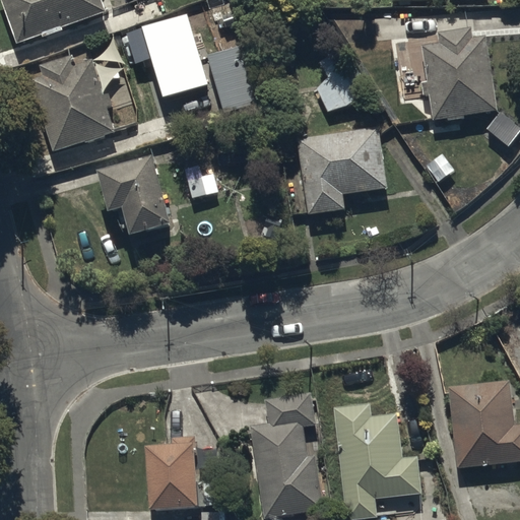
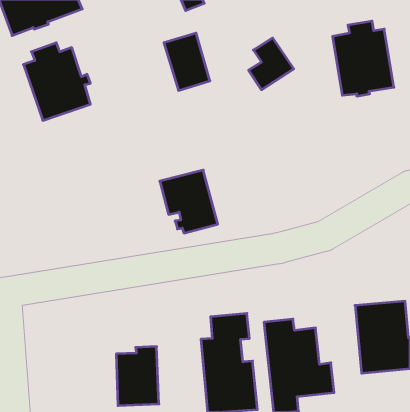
building: [123,13,204,96] -> none
building: [298,129,387,215] -> none
building: [101,155,174,235] -> [160,170,218,233]

